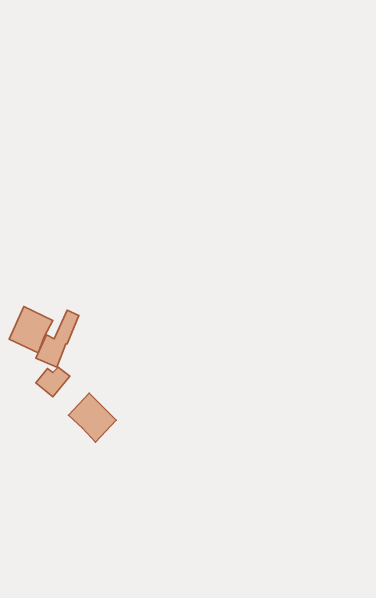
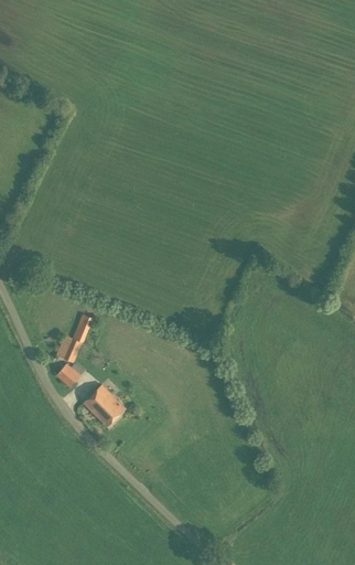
building: [9,307,53,353] -> none

